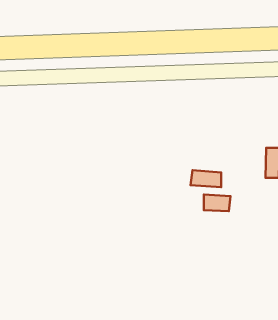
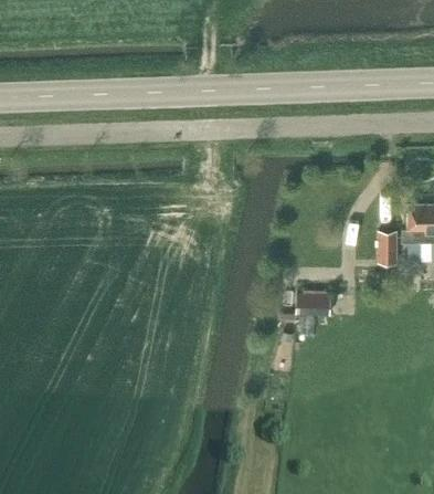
building: [191,170,221,187] -> none

